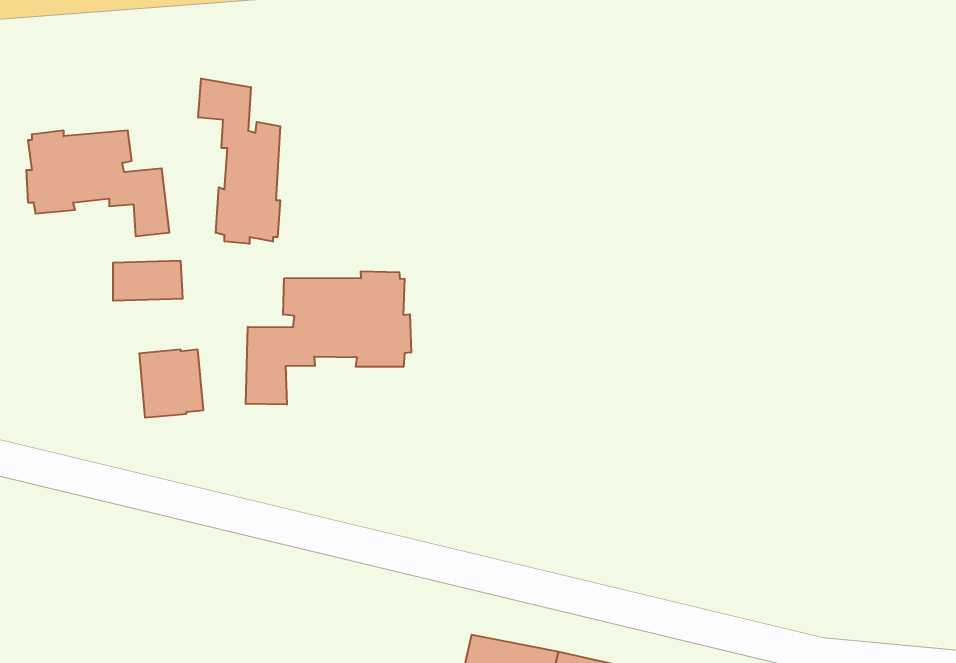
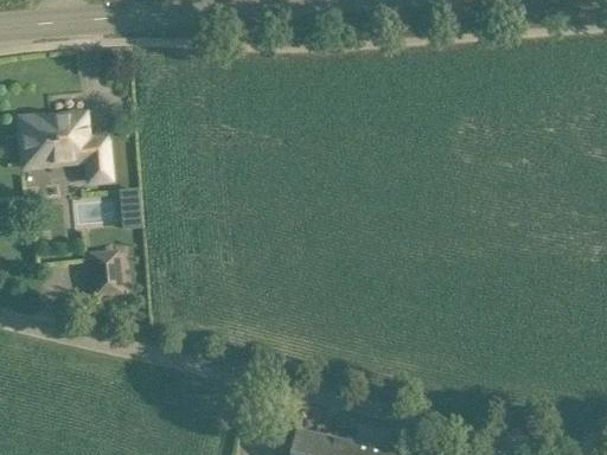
building: [198,78,280,244] -> none
building: [246,271,411,405] -> none

